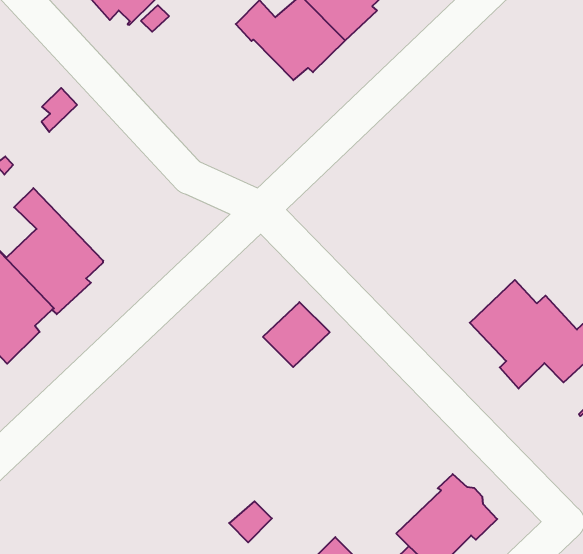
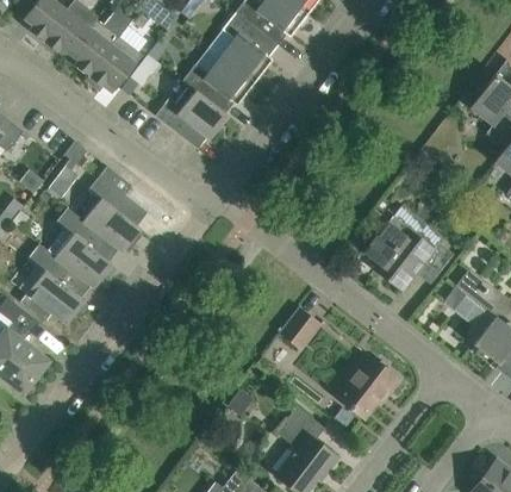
building: none -> [155,89,228,148]
building: none -> [66,164,147,251]
building: [263,302,330,367] -> [278,306,320,349]

